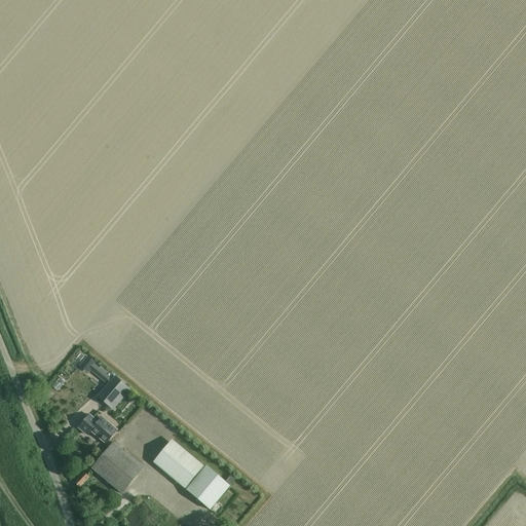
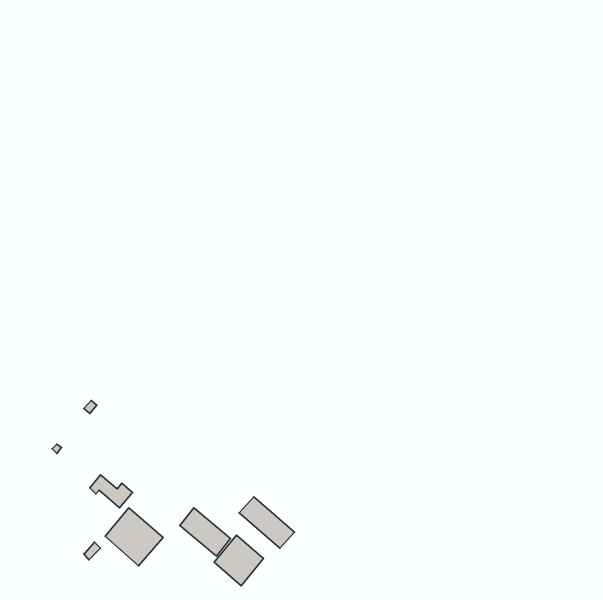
building: [80,354,125,406] -> none
building: none -> [239,497,295,548]

